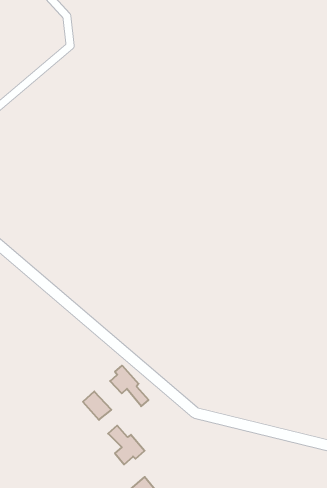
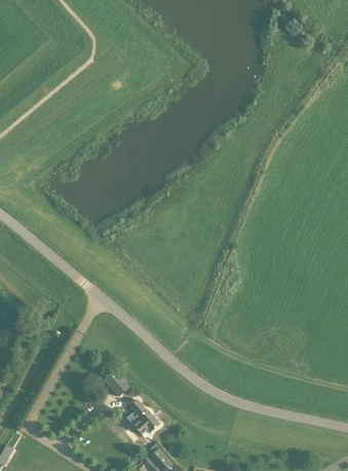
building: [110,366,148,406] -> none

